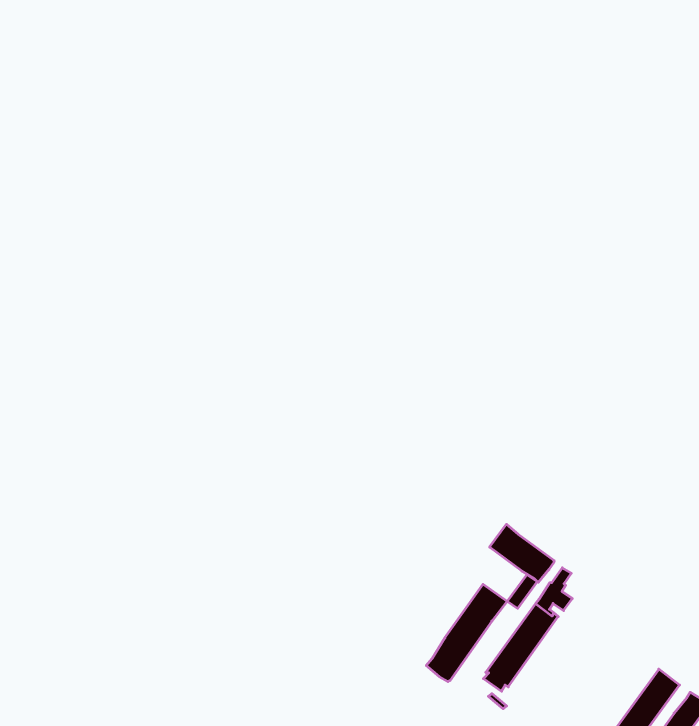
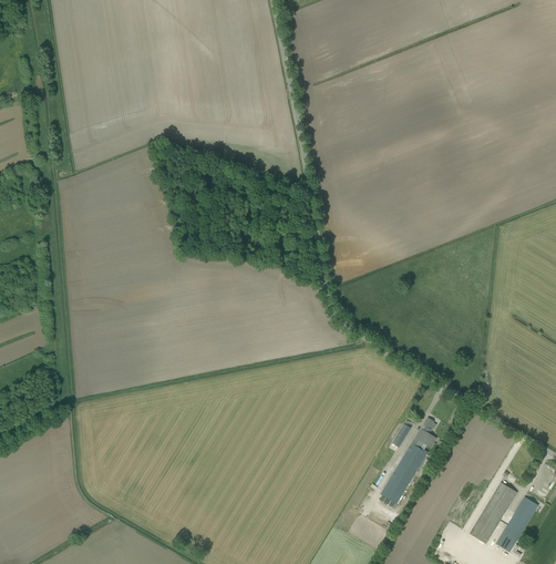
building: [490,524,554,582] -> none
building: [426,584,507,682] -> none

